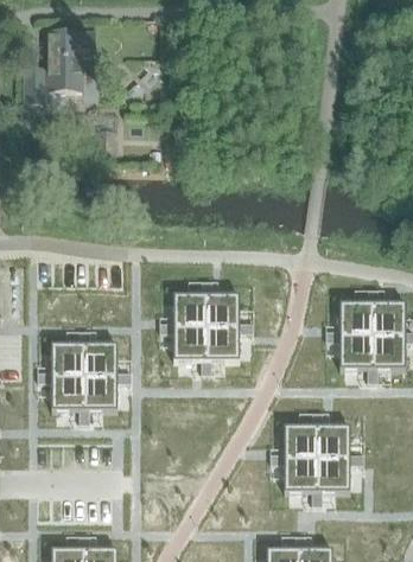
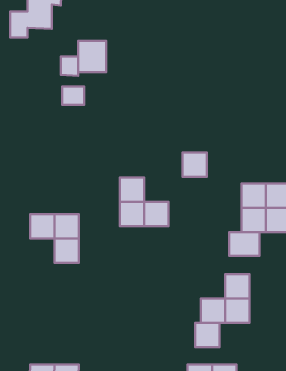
building: none -> [78,41,106,72]
building: none -> [62,86,84,105]
building: [204,294,237,327] -> [182,152,207,177]
building: none -> [229,232,259,256]
building: [49,377,82,410] -> none
building: [281,426,314,459] -> [195,323,220,347]

